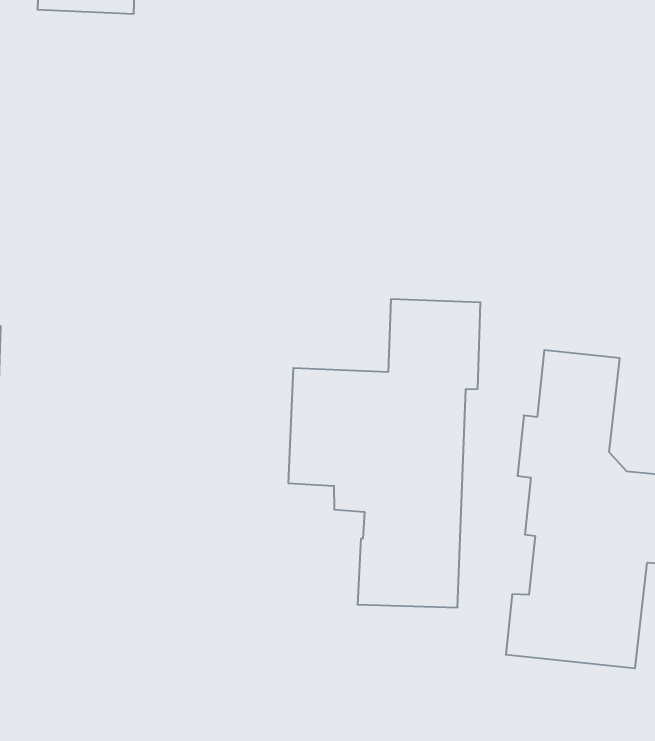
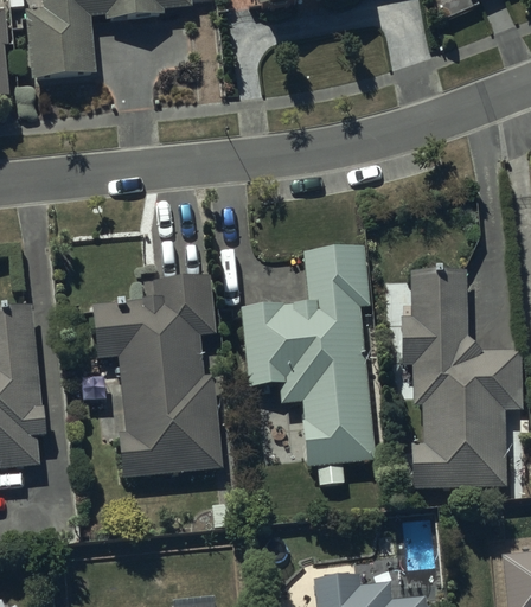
building: none -> [91,273,222,475]

